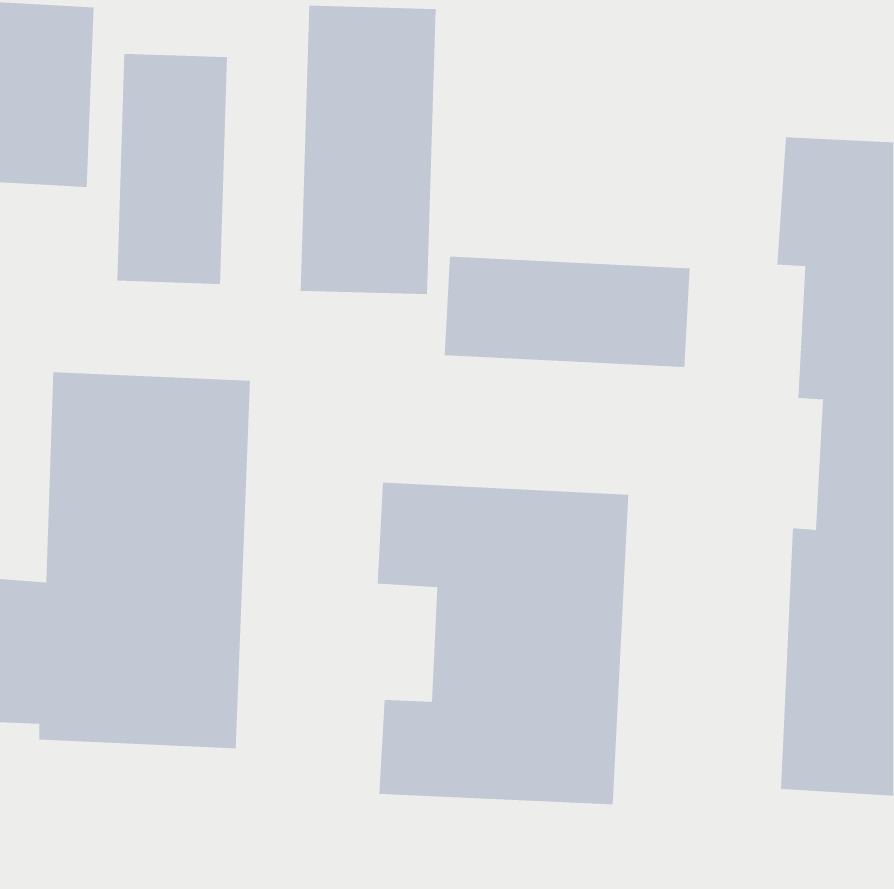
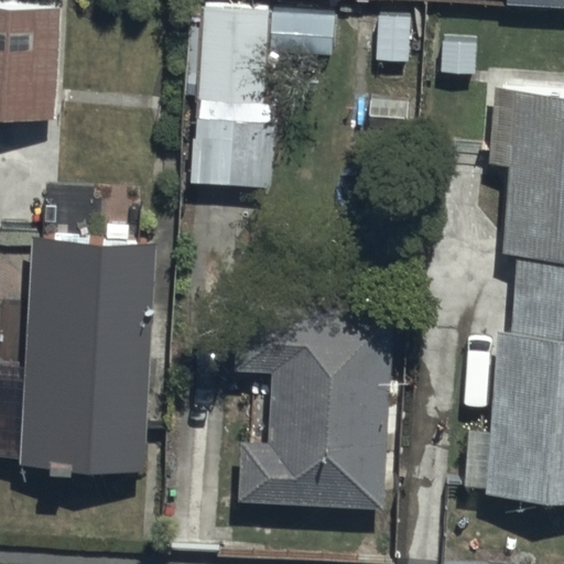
building: [117,53,227,285] -> none
building: [444,256,690,368] -> none

